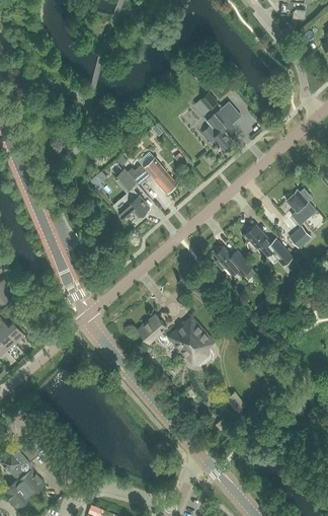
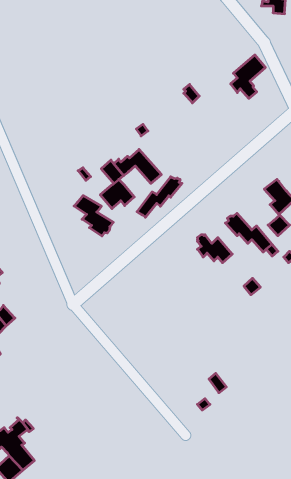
building: [203,102,240,148] -> [231,55,265,98]
building: none -> [137,177,182,217]
building: none -> [74,196,113,236]
building: [138,316,214,365] -> none

